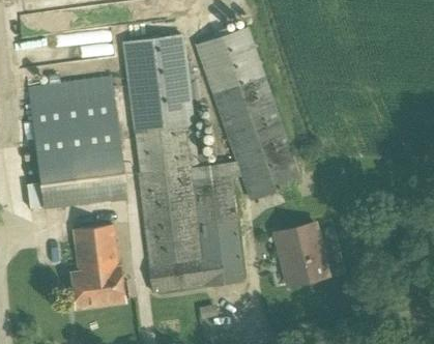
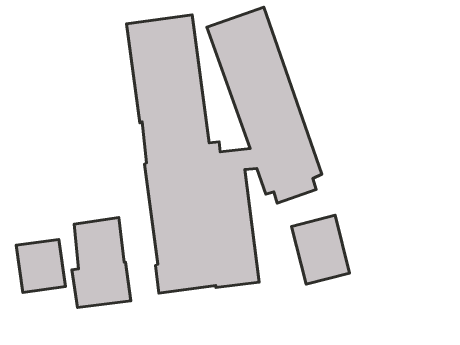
building: [28,75,127,208] -> none
building: none -> [16,239,66,292]

